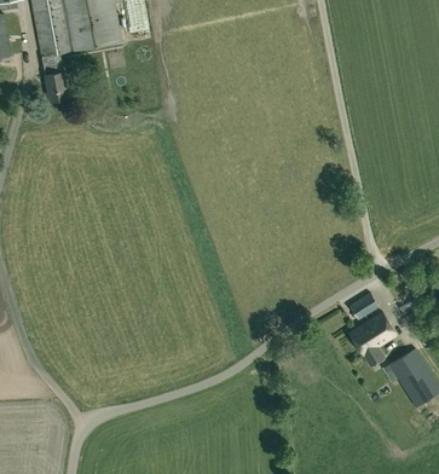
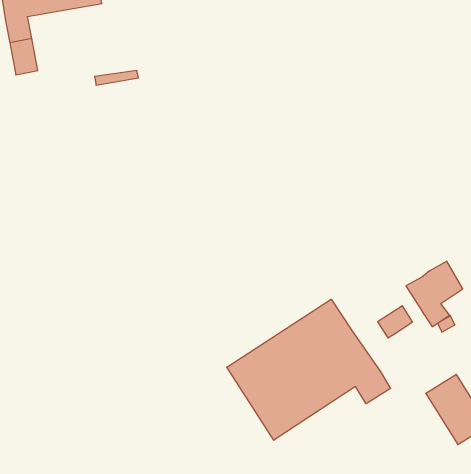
building: none -> [227,299,391,440]
building: [348,312,395,366] -> [406,261,463,327]

